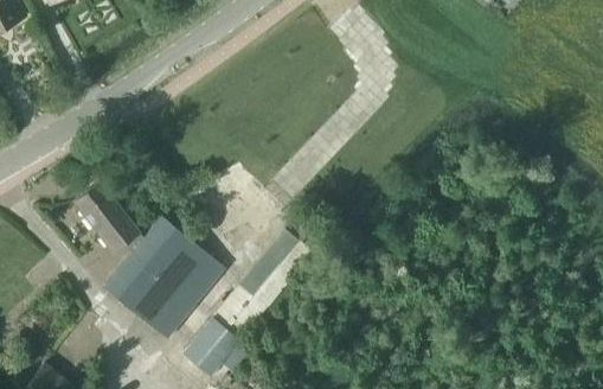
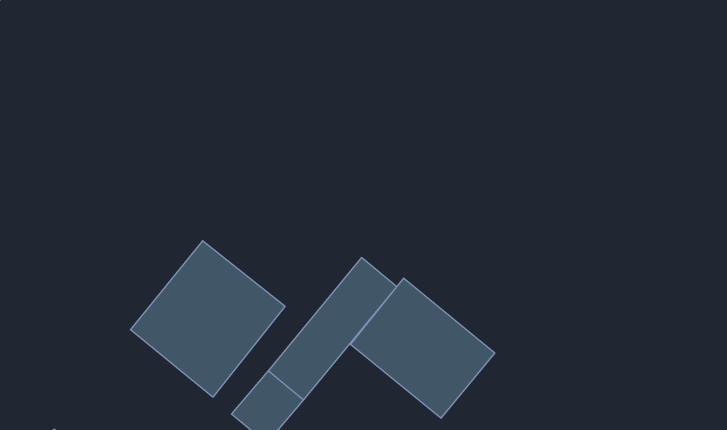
building: [73,180,140,253] -> none
building: none -> [350,278,495,418]

